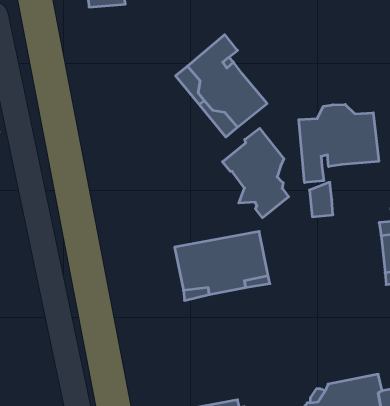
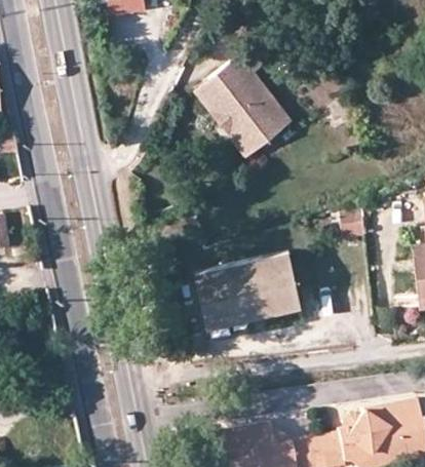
building: [299,104,379,183] -> none
building: [222,128,289,218] -> none

